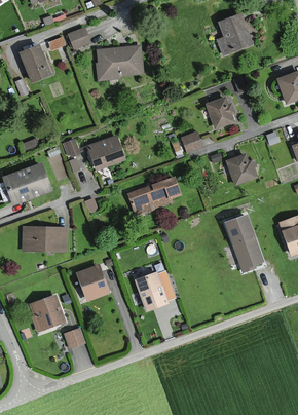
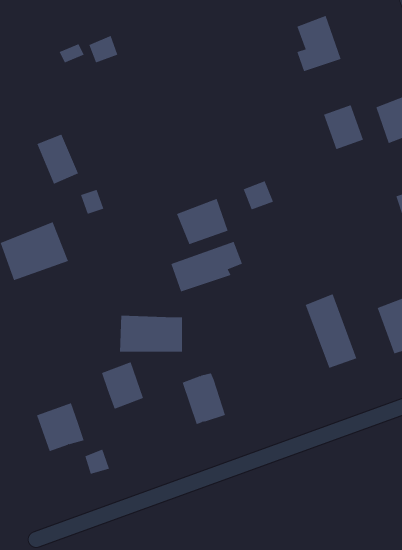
building: [20,44,50,81] -> [36,134,79,185]
building: [96,45,142,77] -> none
building: [204,97,234,129] -> [323,104,364,150]
building: [86,135,124,168] -> [176,198,228,245]
building: [225,153,257,184] -> none
building: [20,226,66,253] -> [119,315,183,352]

